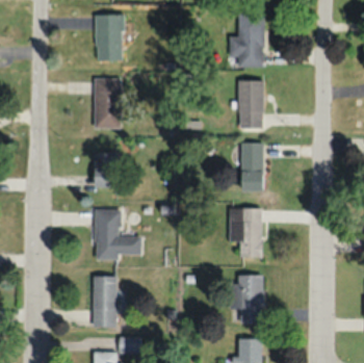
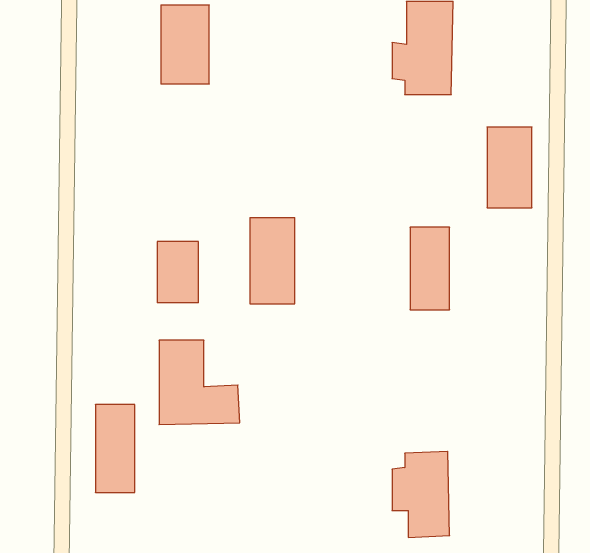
building: [95,78,121,128] -> [250,218,295,304]
building: [238,81,264,128] -> [487,127,532,208]
building: [234,208,262,257] -> none
building: [93,276,115,327] -> [95,405,135,492]

